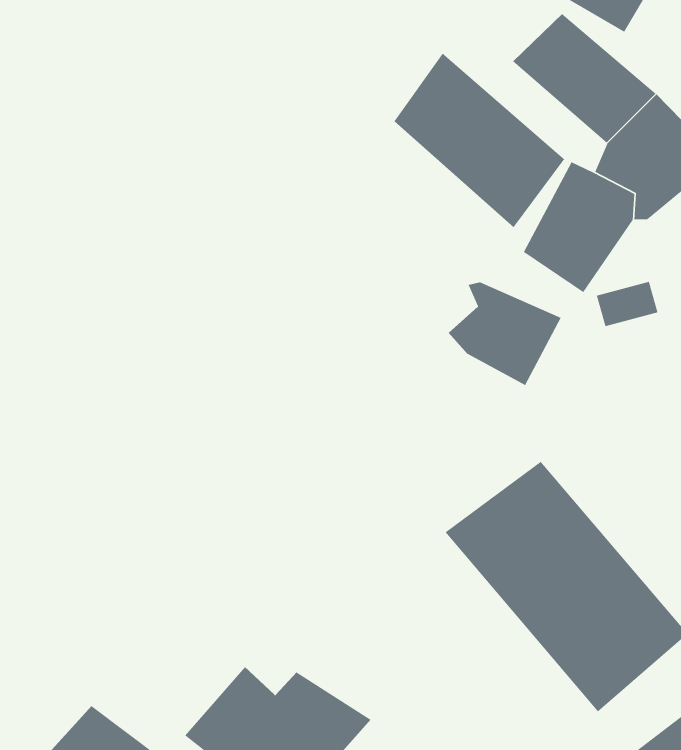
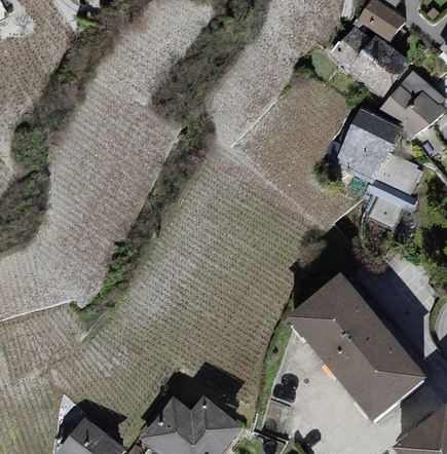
building: [393,53,565,228] -> none
building: [448,282,562,386] -> none

